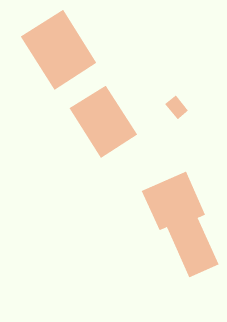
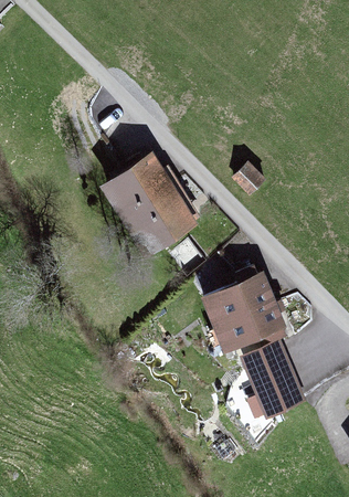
building: [20,9,97,91] -> none

